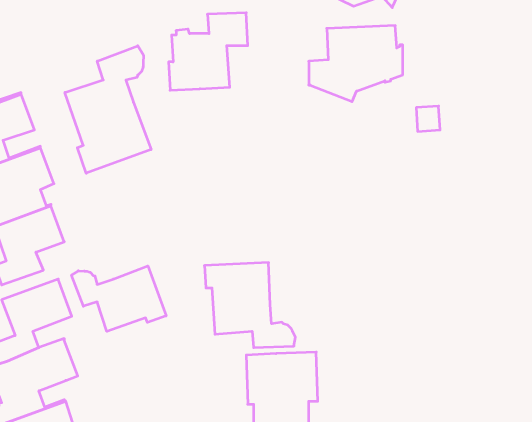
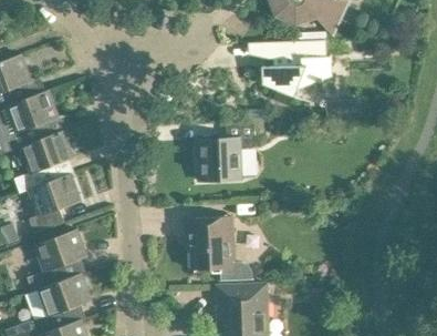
building: [169,13,248,90] -> [197,123,256,181]
building: [65,46,151,173] -> none
building: [72,266,166,331] -> none

